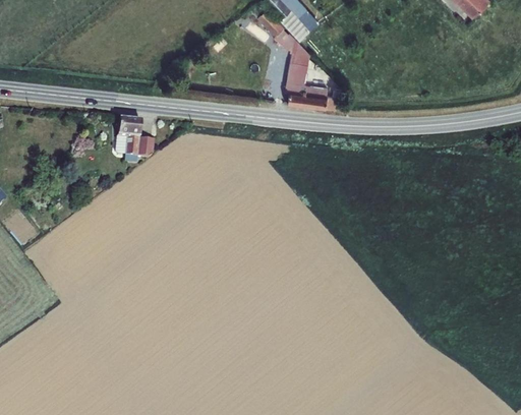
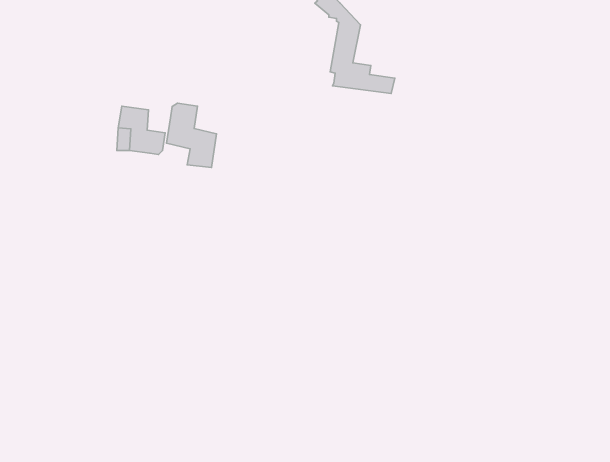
building: none -> [166,103,216,167]

